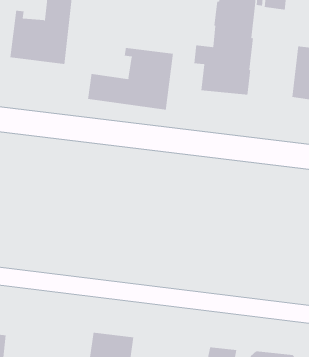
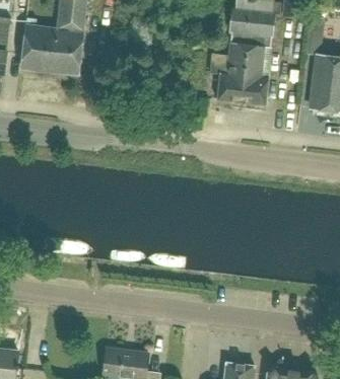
building: [88,47,173,110] -> none

